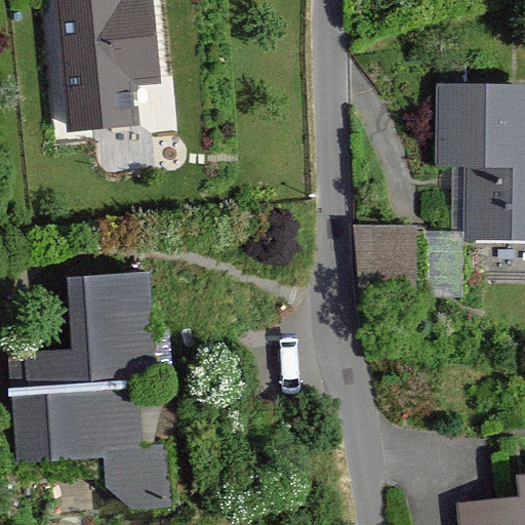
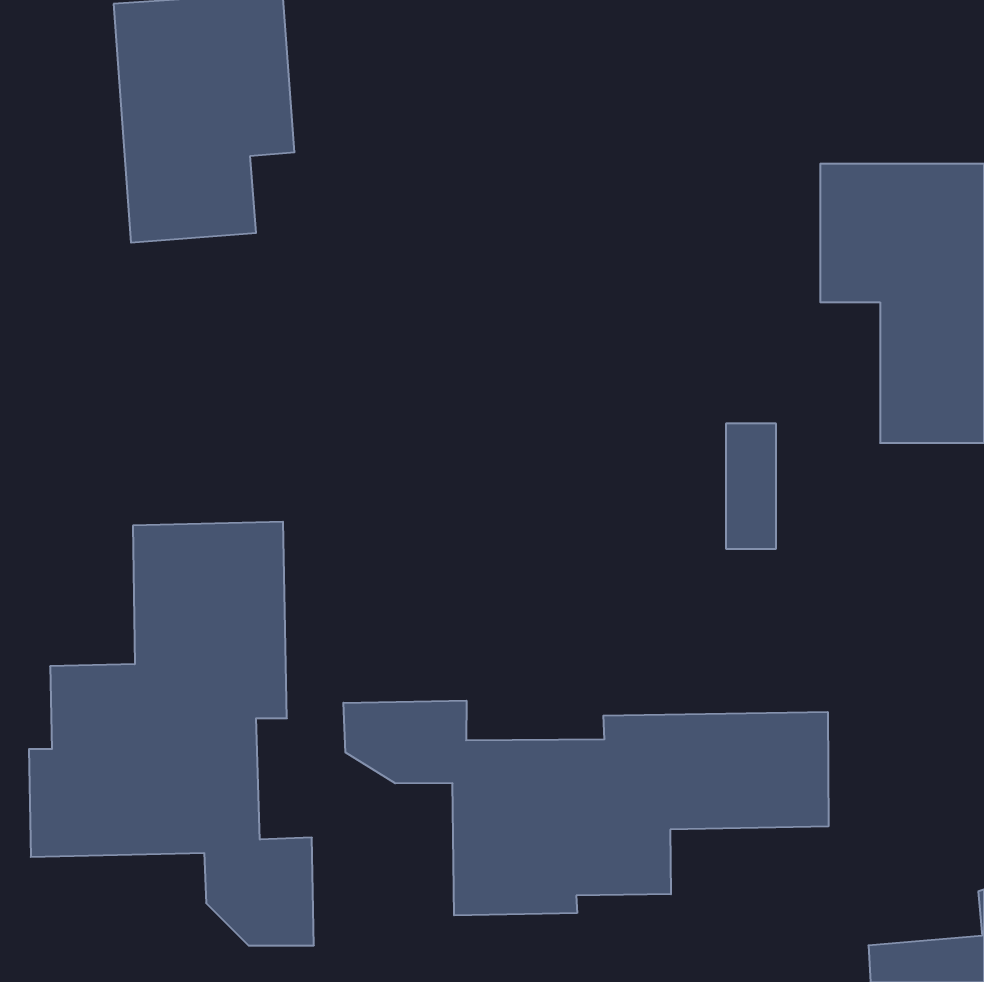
building: none -> [343,701,828,915]

